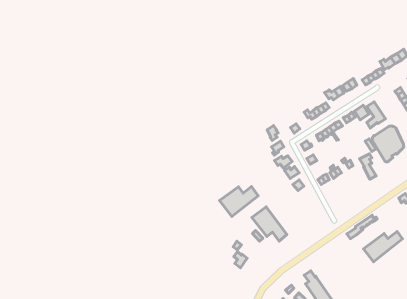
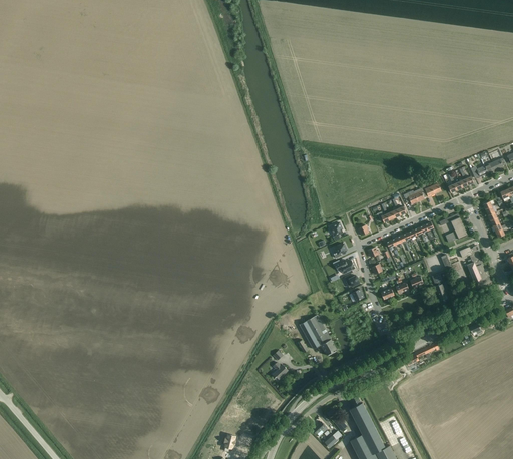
building: [219,187,258,217] -> none
building: [364,231,402,262] -> none

